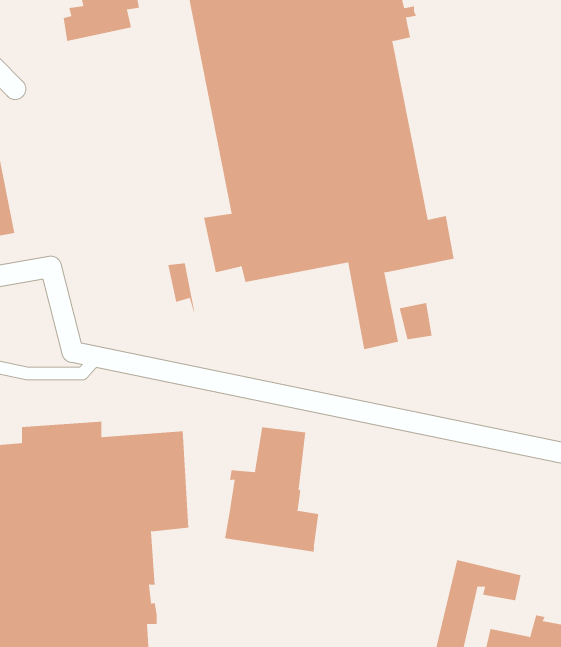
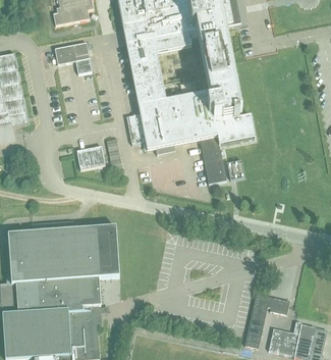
building: none -> [55,41,93,72]
building: none -> [77,145,106,169]
building: [225,426,319,552] -> none

